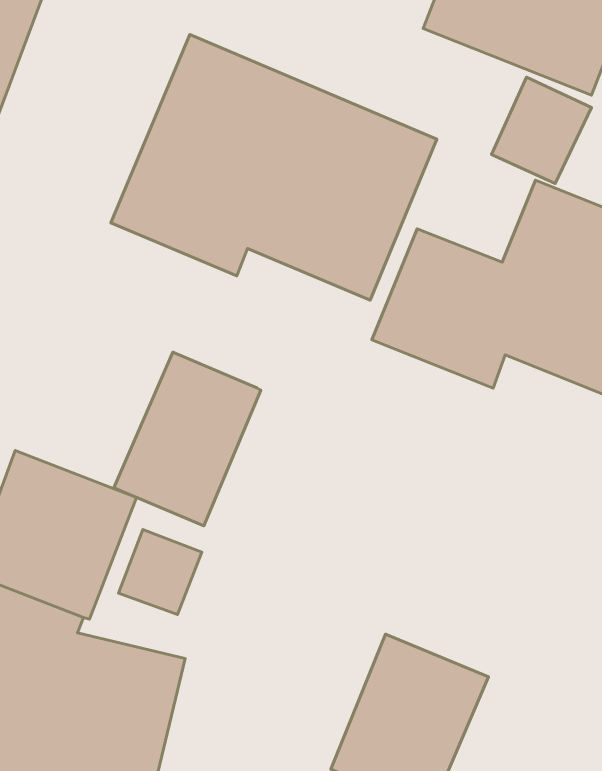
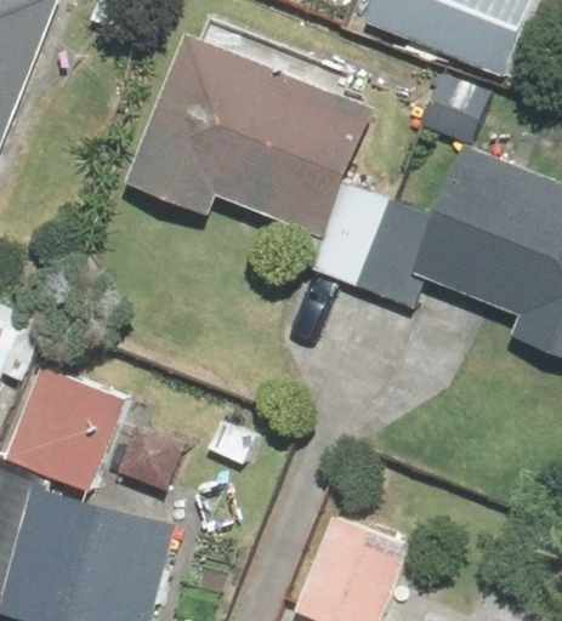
building: [114,352,261,526] -> none

